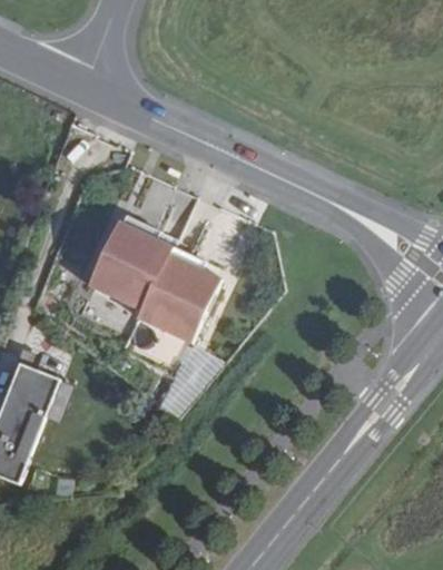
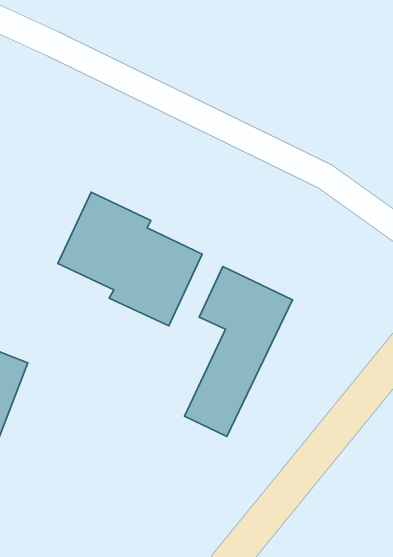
building: none -> [184,266,292,436]

